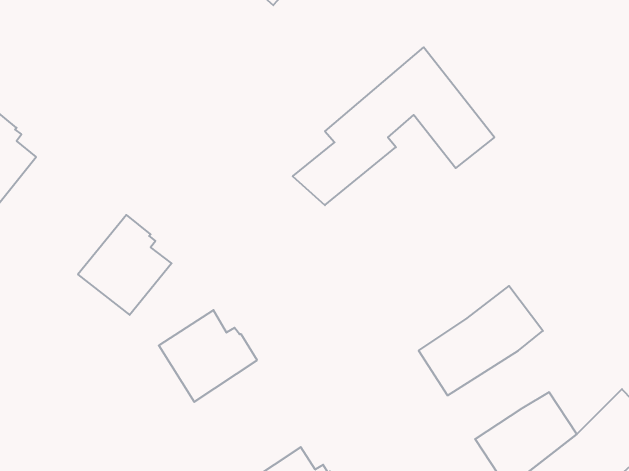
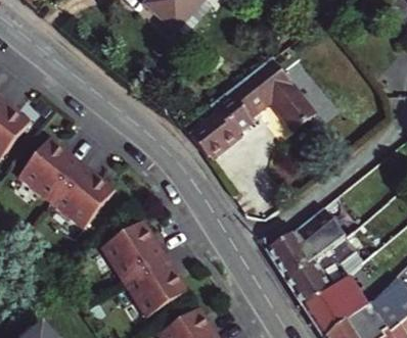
building: none -> [19,140,83,199]
building: none -> [286,235,358,303]
building: none -> [126,253,183,315]

